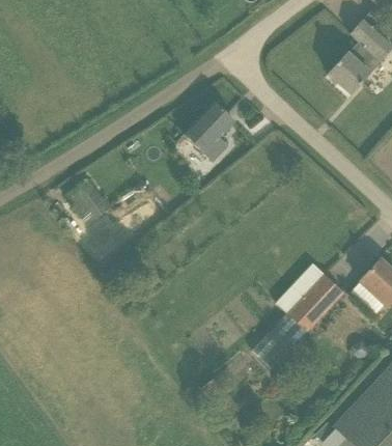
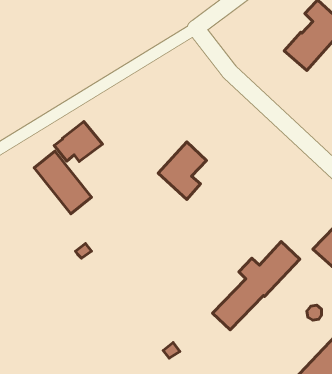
building: [184,100,234,161] -> [158,142,206,200]
building: none -> [54,121,102,162]

